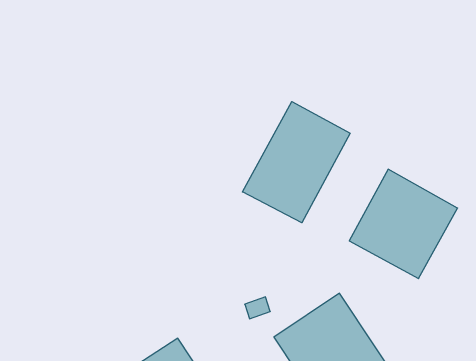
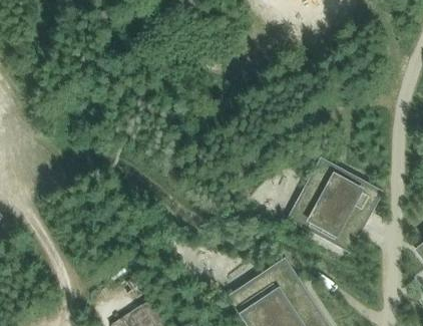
building: [242,102,350,223] -> none

